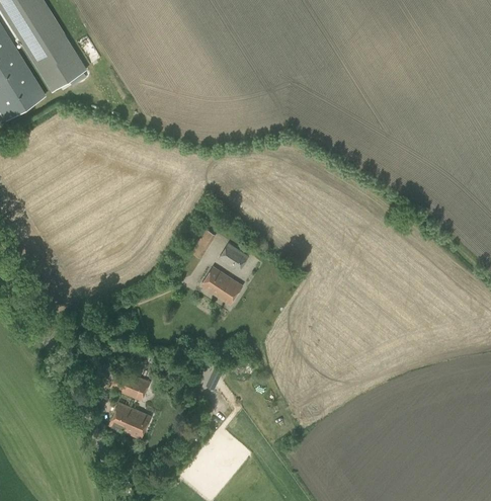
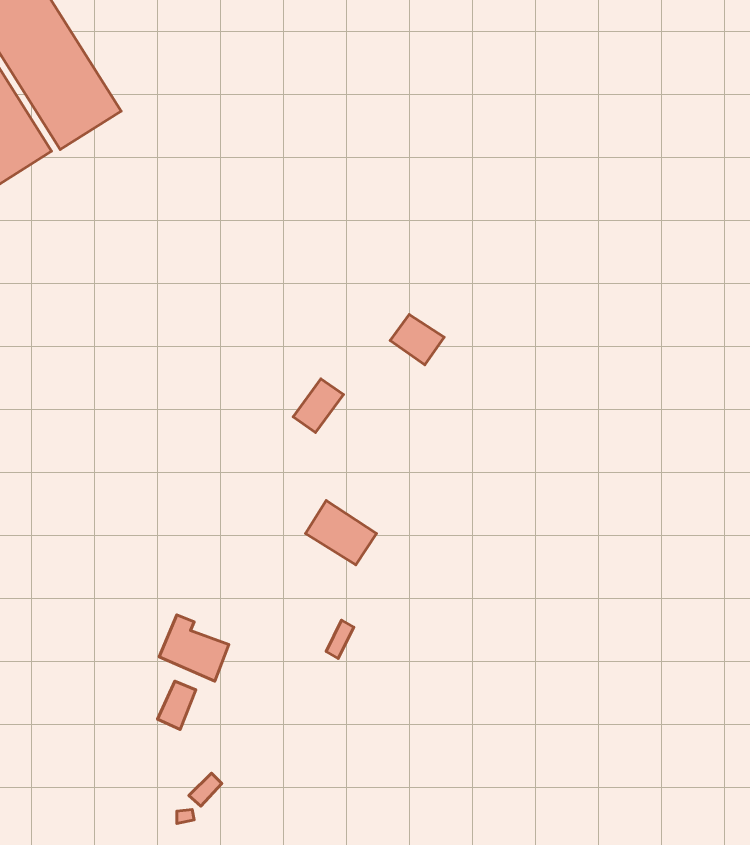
building: [217,243,248,272] -> [390,314,444,365]
building: [199,266,241,304] -> [305,500,377,565]
building: [120,407,150,438] -> none

